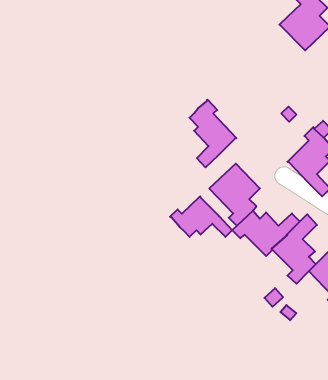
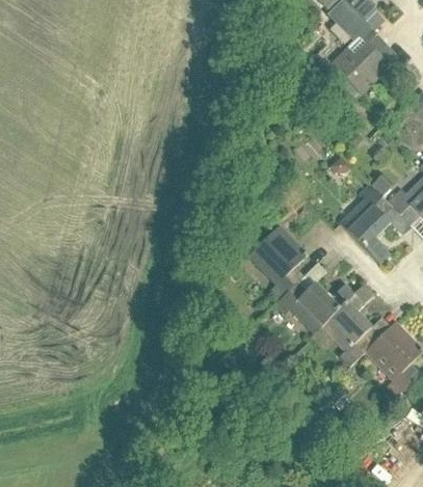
building: [189,100,236,167] -> none
building: [170,196,232,237] -> none

